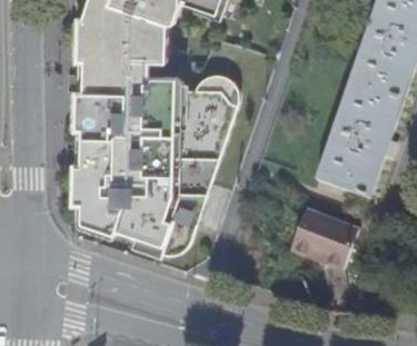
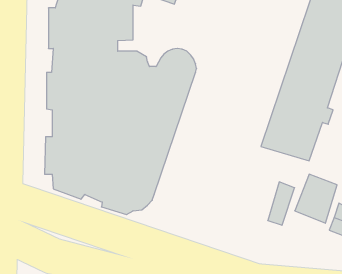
building: [288,209,337,266] -> [295,174,337,223]

